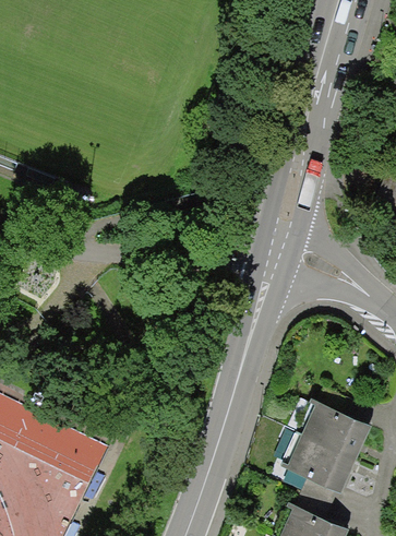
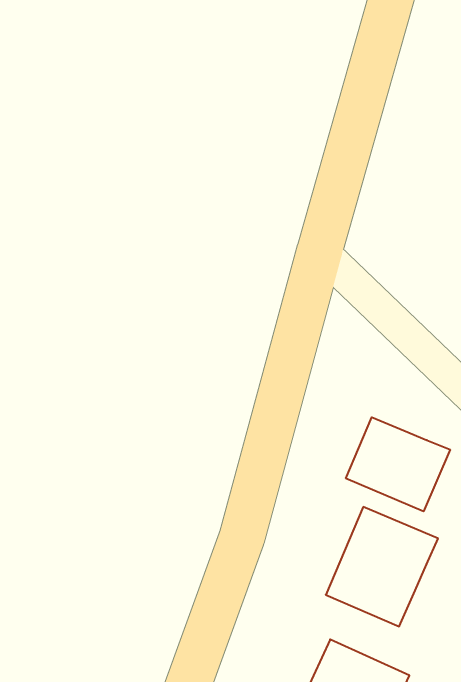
building: none -> [346,417,450,511]

